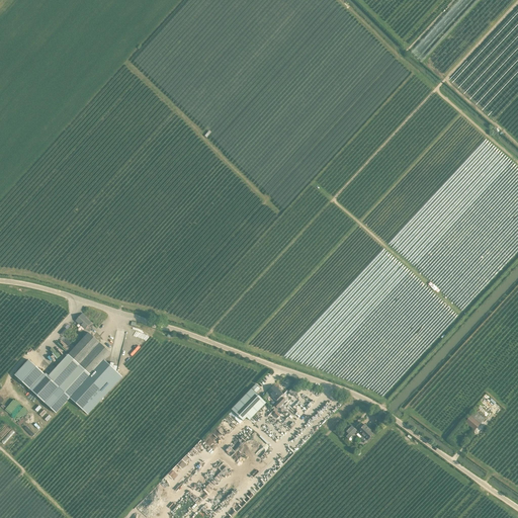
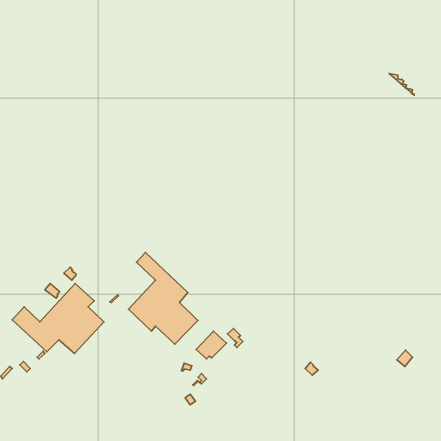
building: none -> [128,252,198,344]

